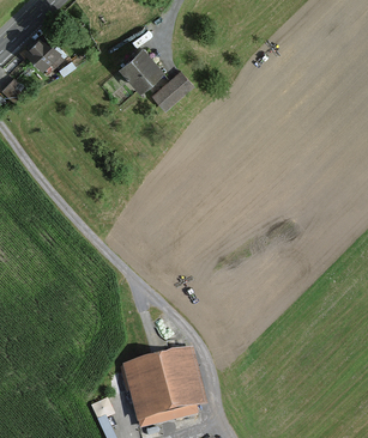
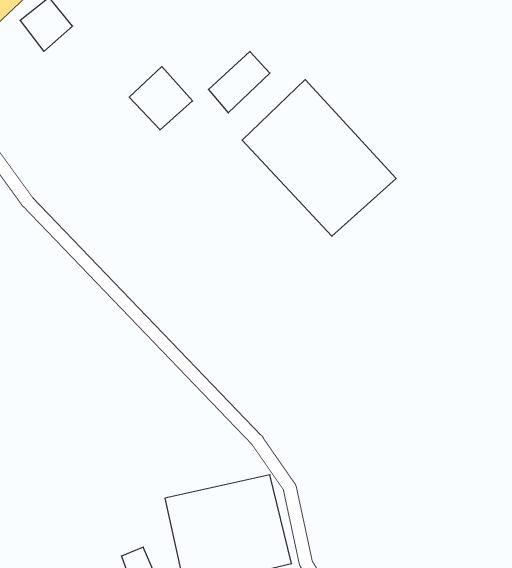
building: [119,45,161,87] -> [129,67,193,130]
building: none -> [242,80,396,236]

